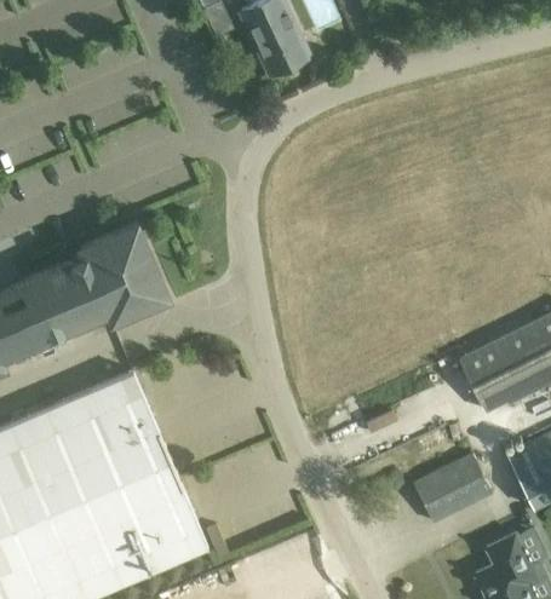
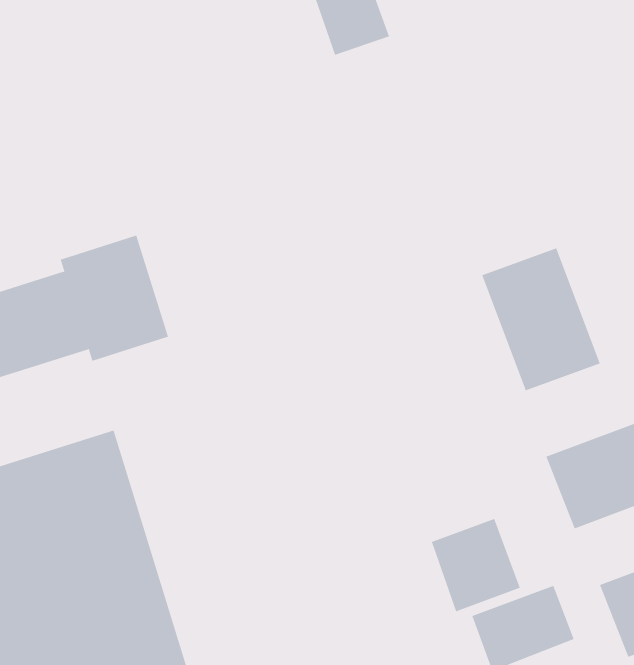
building: none -> [482,248,600,391]
building: none -> [431,518,520,612]

